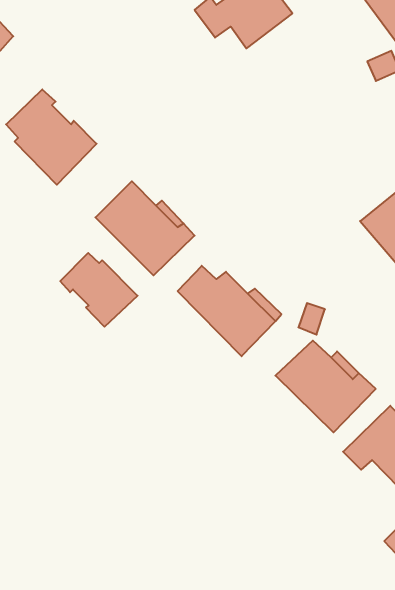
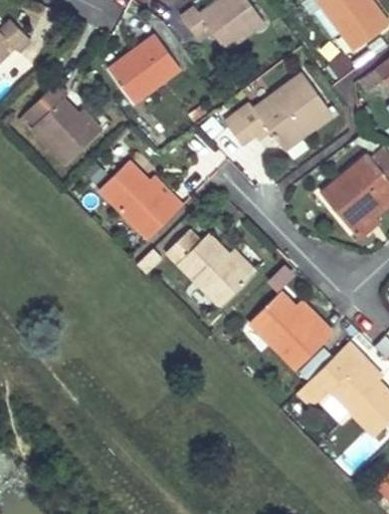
building: none -> [109,34,181,101]
building: none -> [225,73,333,150]
building: [60,253,138,327] -> none

